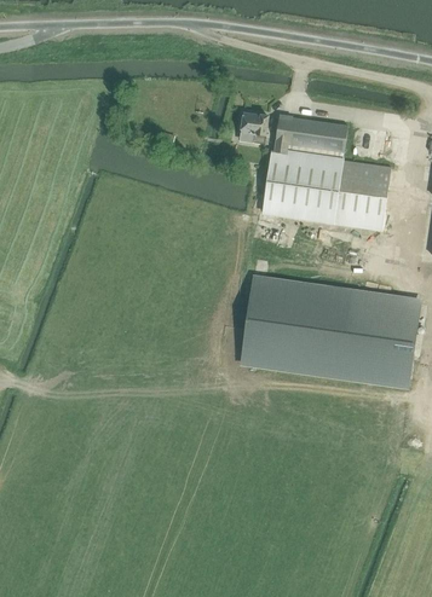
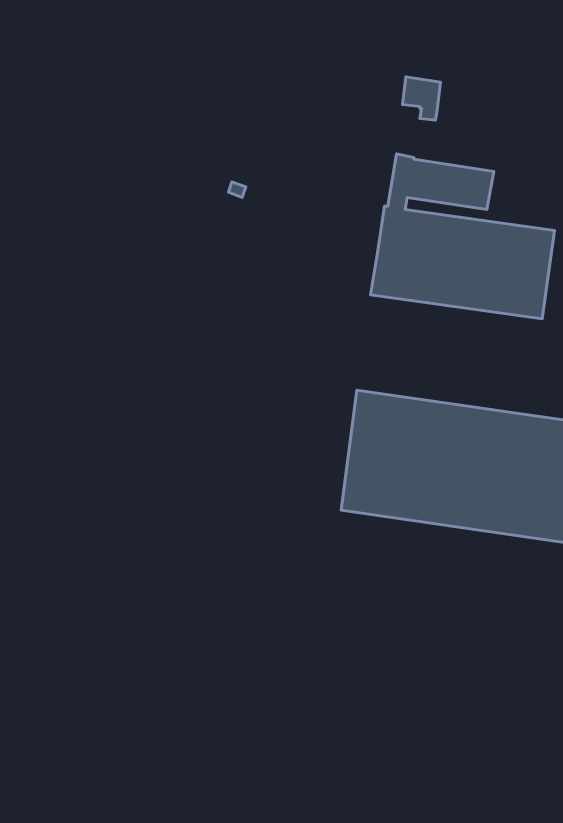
building: [241,112,267,143] -> [402,77,441,120]

